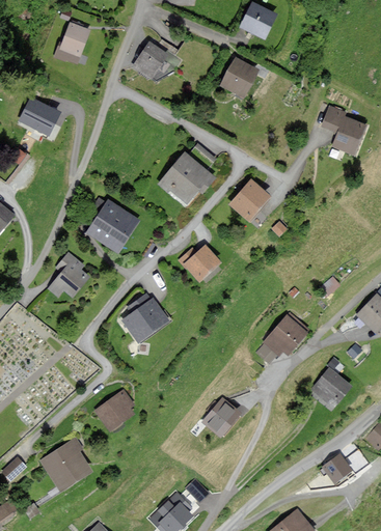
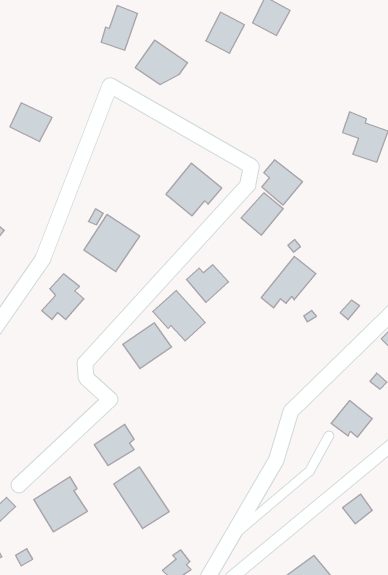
building: [55,23,88,63] -> [101,6,138,50]
building: [221,58,256,95] -> [206,12,244,53]
building: none -> [262,160,302,205]
building: none -> [153,290,205,341]
building: [258,314,308,361] -> [261,257,316,308]
building: [203,398,239,435] -> none
building: none -> [114,467,169,529]

